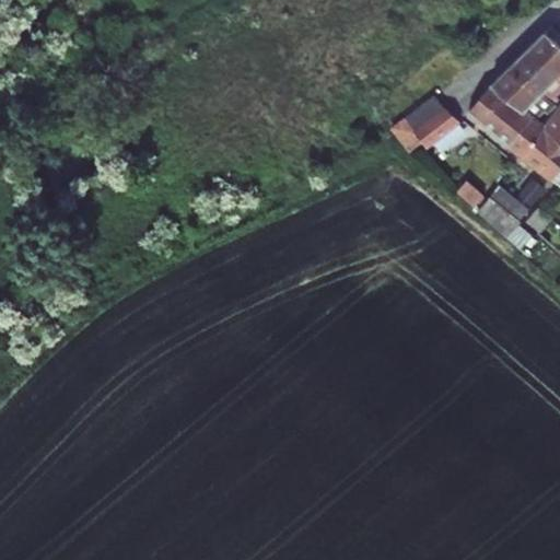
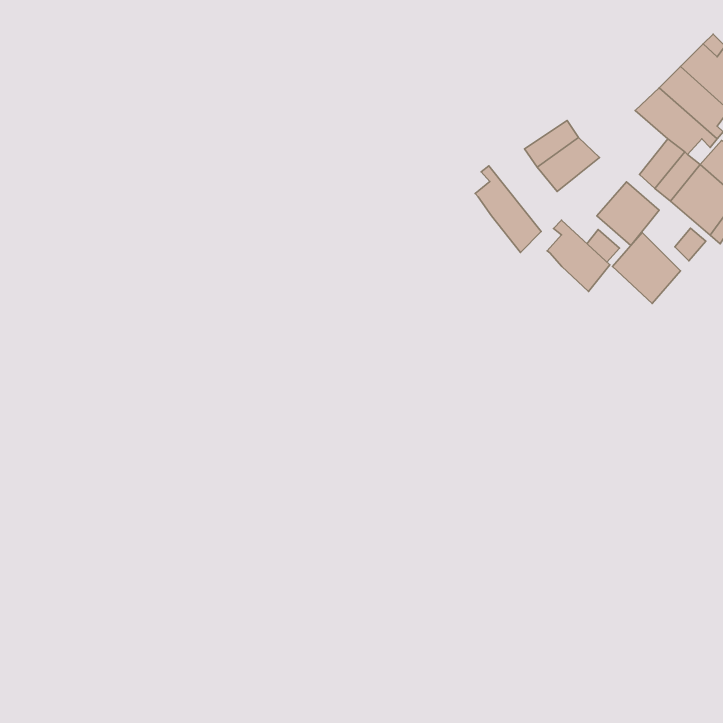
building: [468,86,516,136] -> [597,182,659,246]
building: none -> [475,166,541,252]
building: none -> [547,220,610,292]

